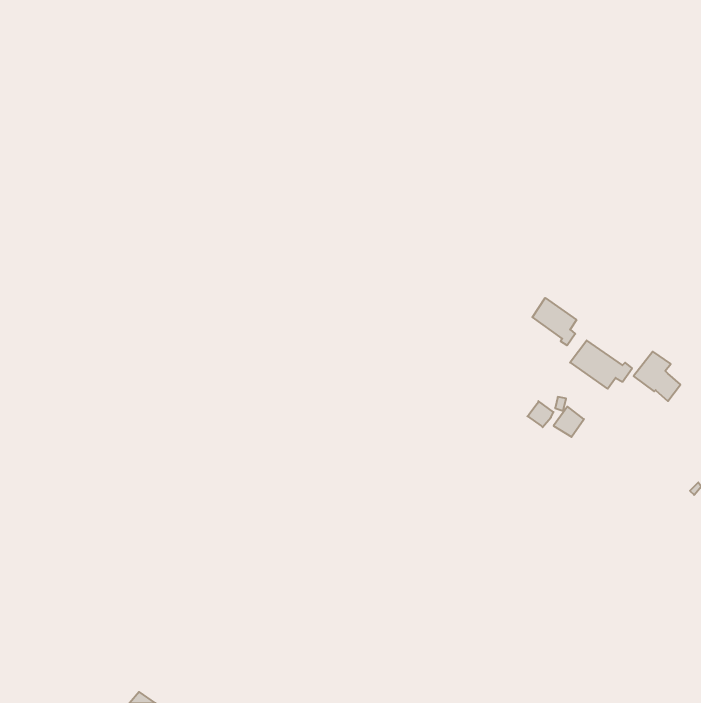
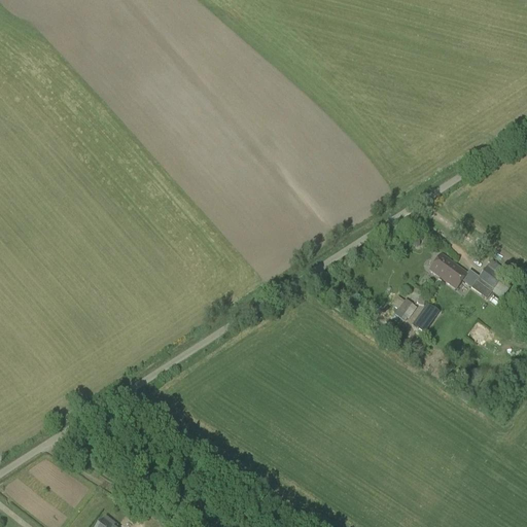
building: [532,298,576,345] -> none

